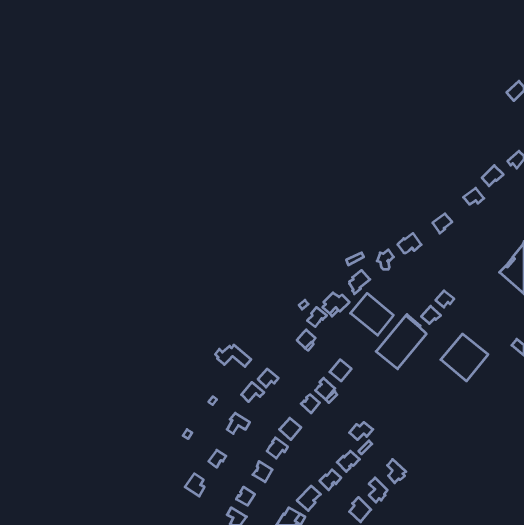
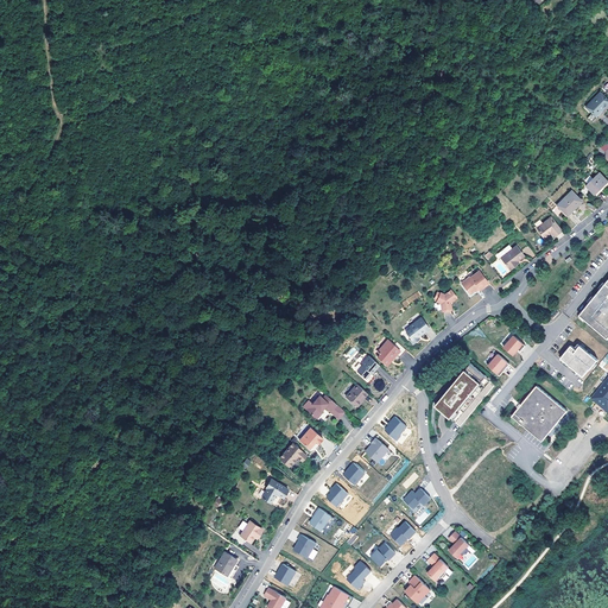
building: [350,293,393,335] -> none
building: none -> [563,346,597,376]
building: [215,345,251,367] -> [300,392,342,417]

